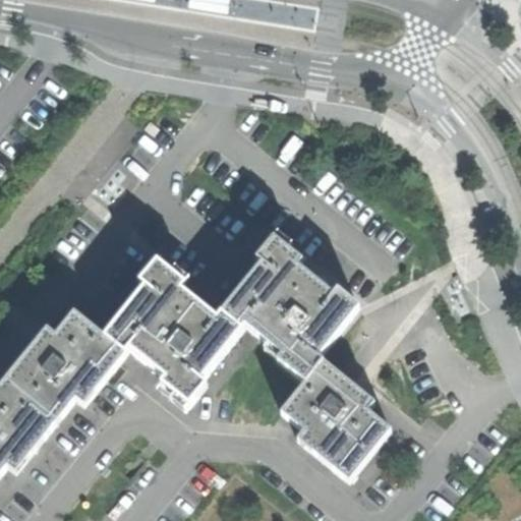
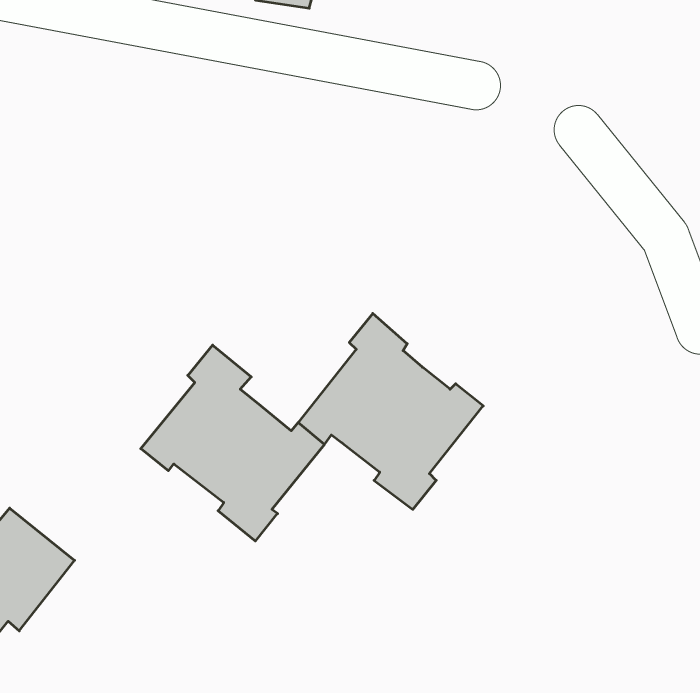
building: [7,307,124,413] -> none
building: [280,354,388,475] -> none

